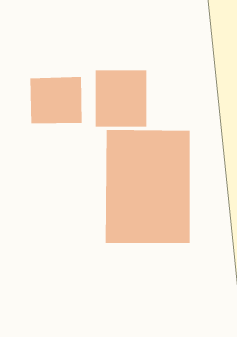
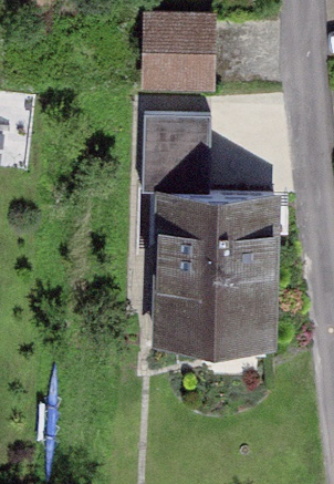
building: [30,76,83,124] -> [134,27,205,91]

